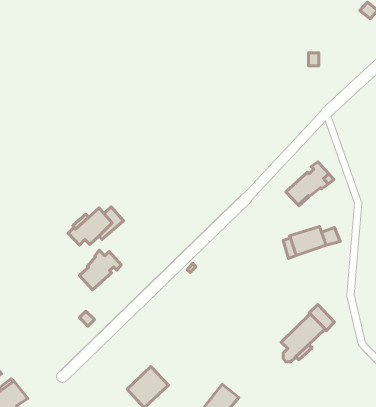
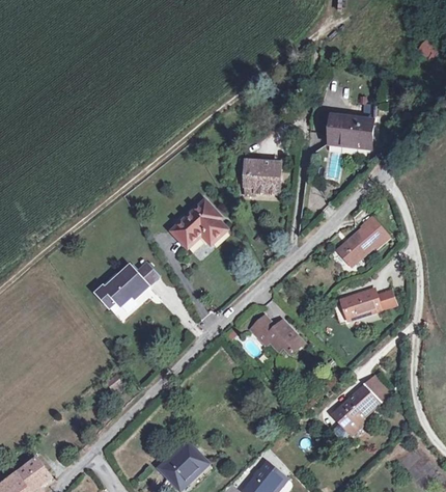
building: none -> [330,115,372,147]
building: none -> [245,160,281,193]
building: none -> [172,201,225,246]
building: [80,250,121,290] -> none
building: none -> [250,316,302,352]

